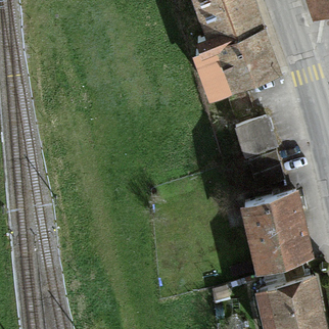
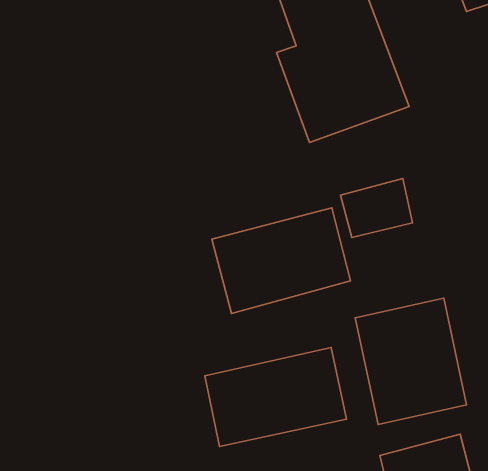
building: none -> [212,208,351,314]
building: none -> [205,347,347,446]

